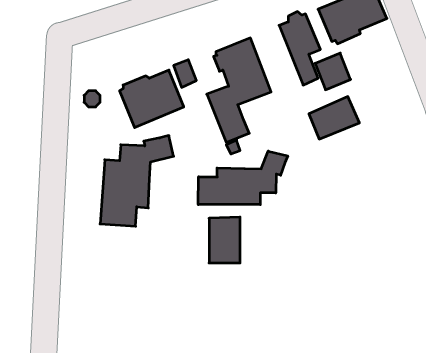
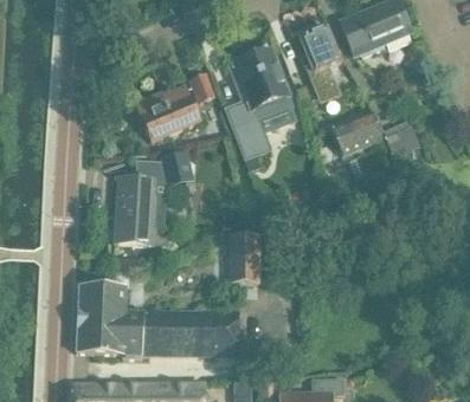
building: [315,53,351,90] -> [382,119,419,157]
building: [198,151,288,205] -> none
building: none -> [77,287,238,358]

